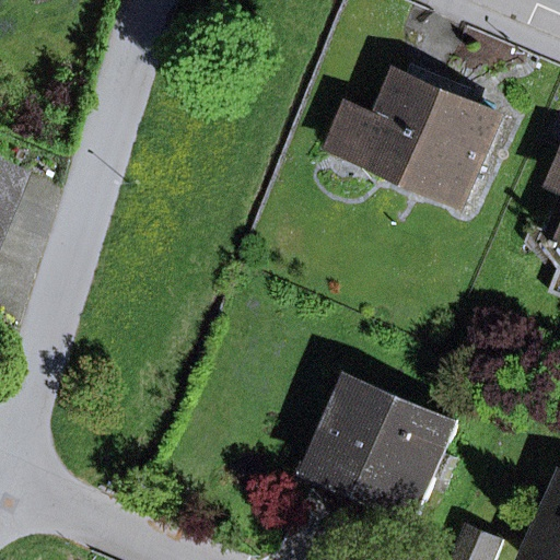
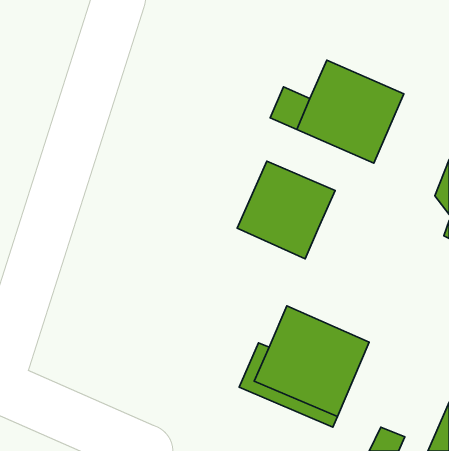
building: none -> [237,161,335,259]

